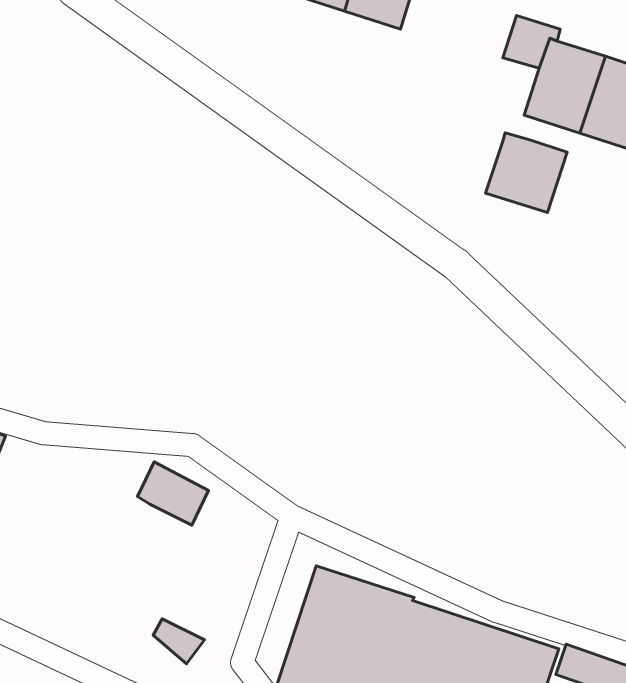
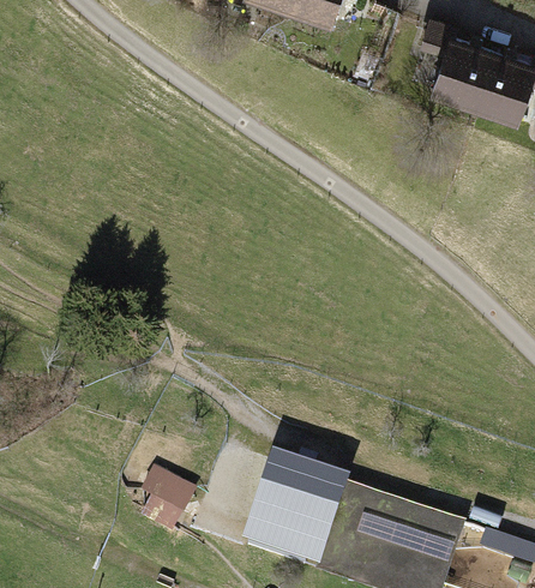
building: [486,133,567,212] -> none
building: [138,462,208,525] -> [138,461,194,511]

